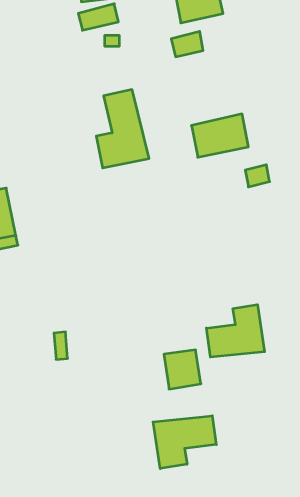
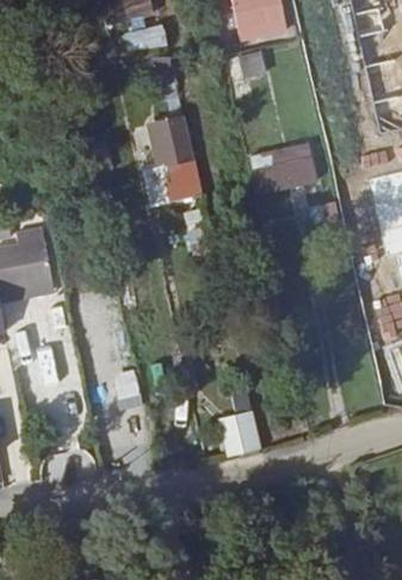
building: [206,305,265,357] -> none
building: [153,416,216,469] -> none

